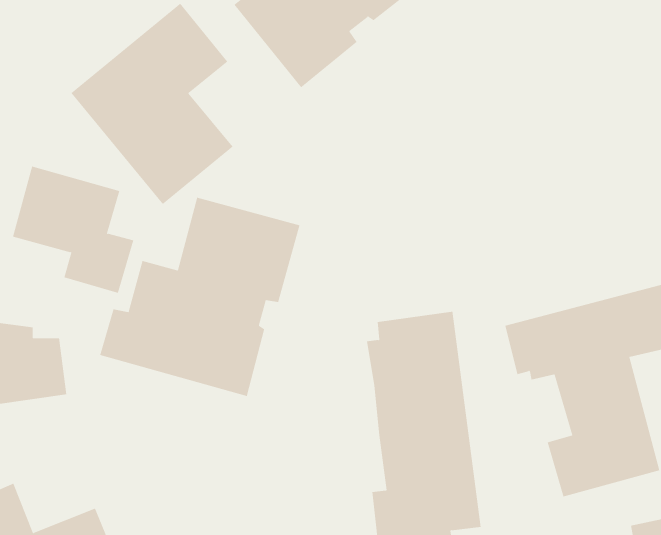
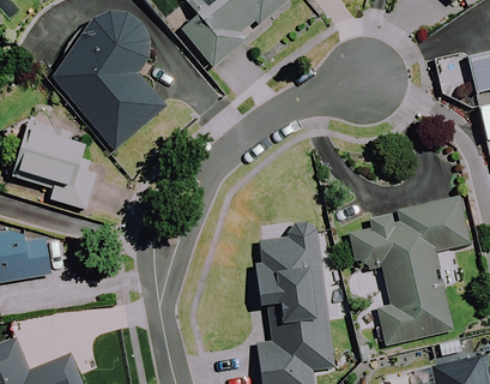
building: [100,197,300,397] -> none

